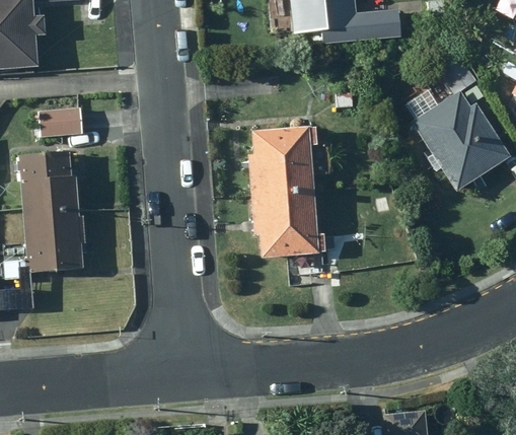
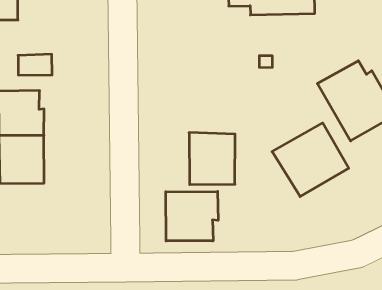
building: [251,127,313,193] -> none
building: none -> [272,123,349,197]
building: none -> [166,191,218,241]

